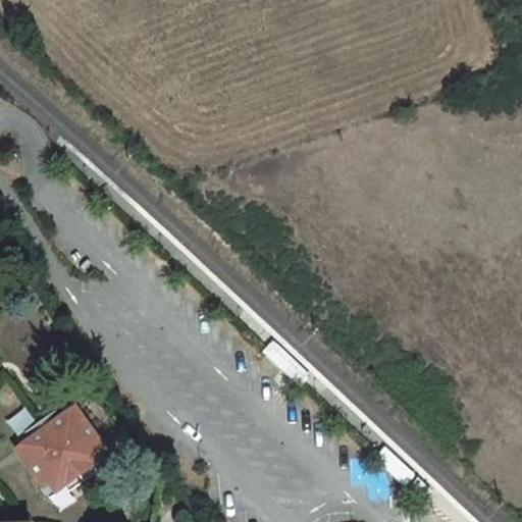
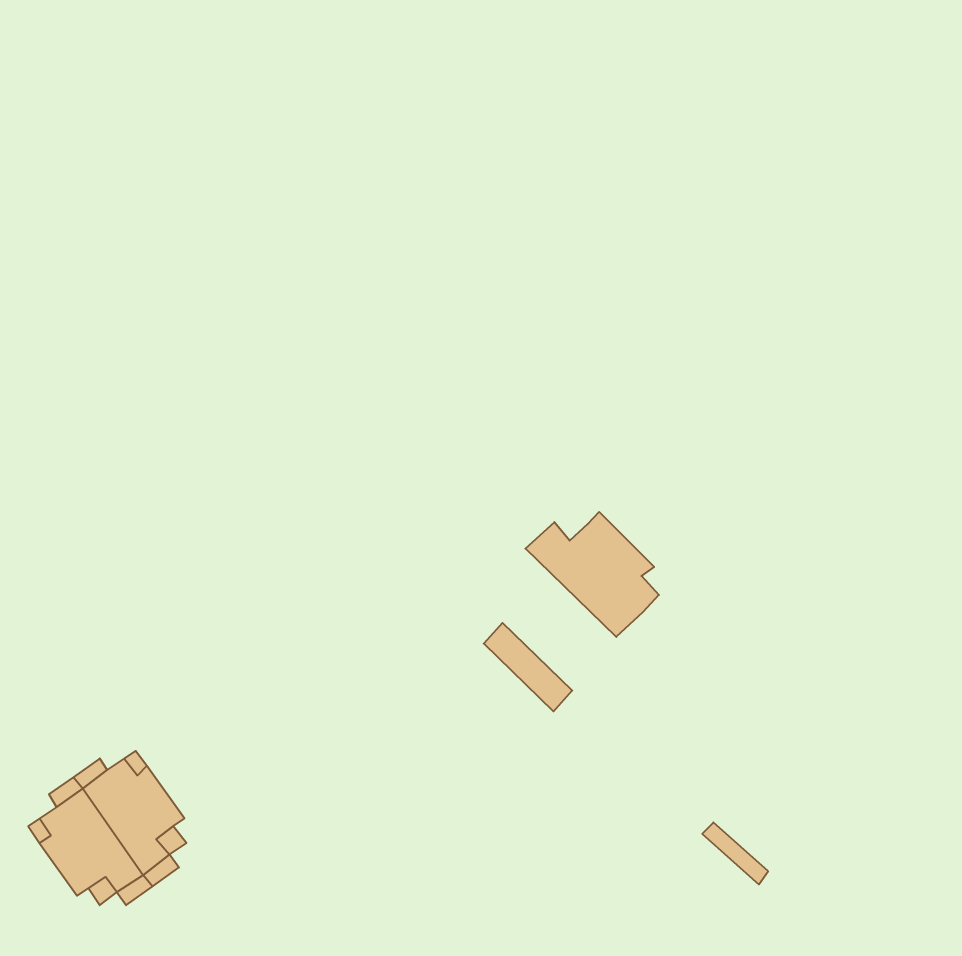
building: none -> [525,512,659,637]

